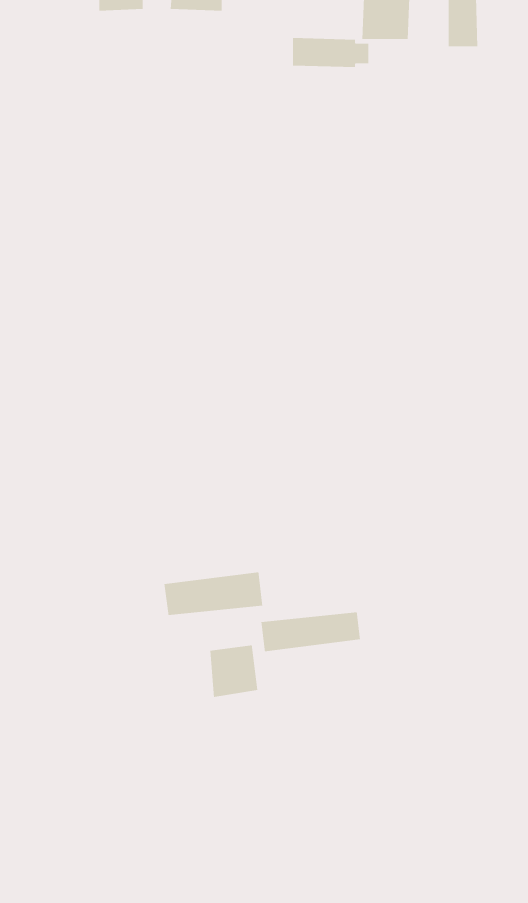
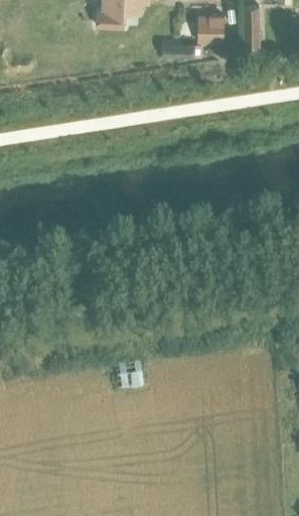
building: [164,571,263,616] -> none
building: [261,612,361,652] -> none

